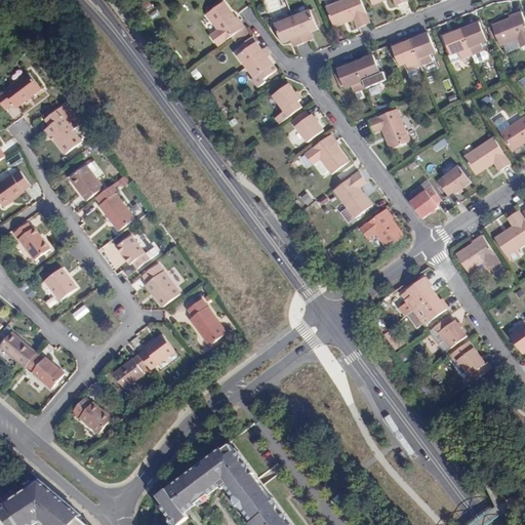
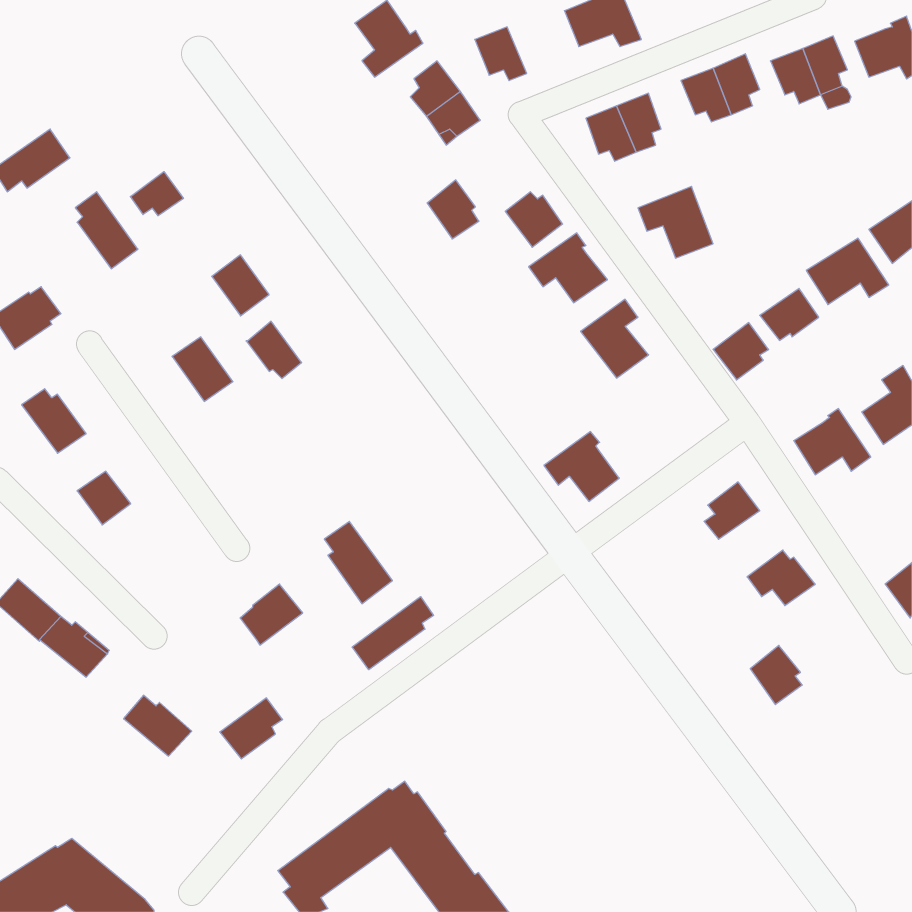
building: [290,9,316,42] -> none
building: [271,82,300,116] -> [427,180,479,239]
building: none -> [130,172,183,216]
building: [68,164,100,199] -> [212,255,269,316]
building: [359,207,402,247] -> [544,432,619,501]
building: [116,235,148,268] -> [246,321,302,379]
building: [142,262,178,305] -> none
building: [411,292,445,320] -> none
building: none -> [352,597,434,670]
building: [456,347,486,380] -> [750,645,802,705]
building: [111,354,147,389] -> [220,698,283,759]

